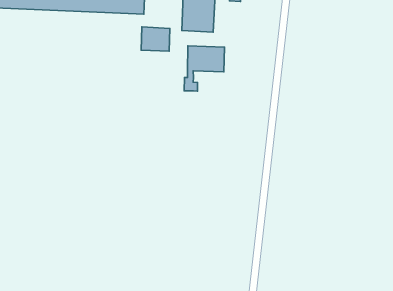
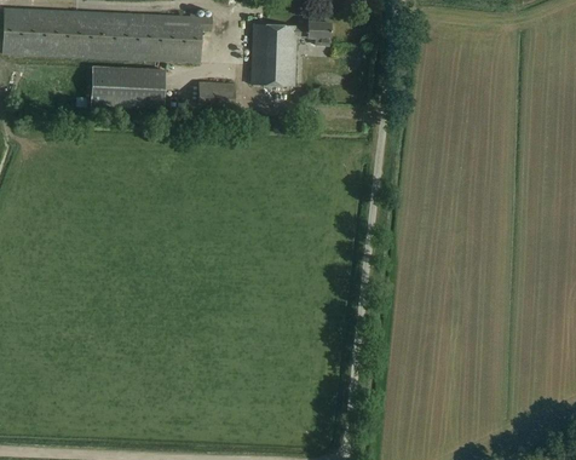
building: none -> [90,63,165,107]
building: [184,46,224,91] -> none

